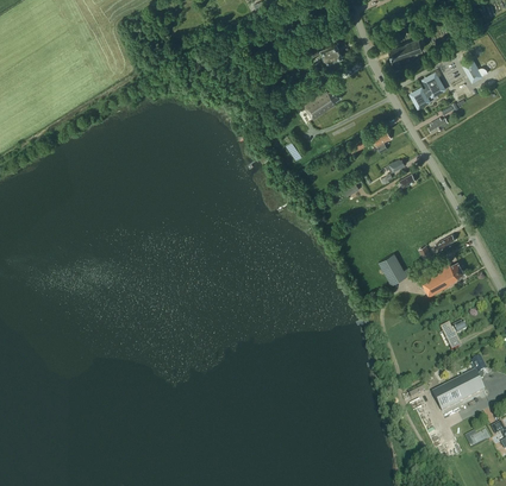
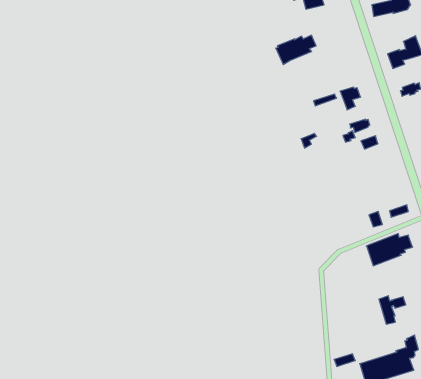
building: [379,253,411,285] -> none

